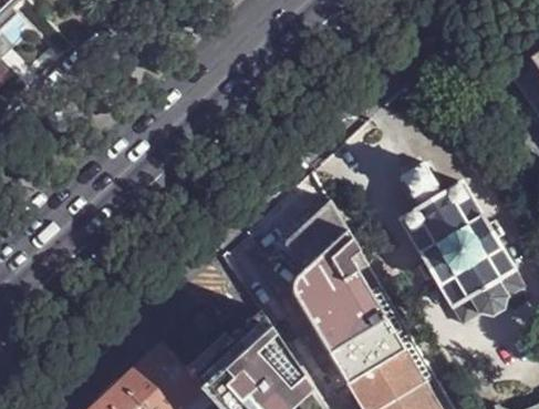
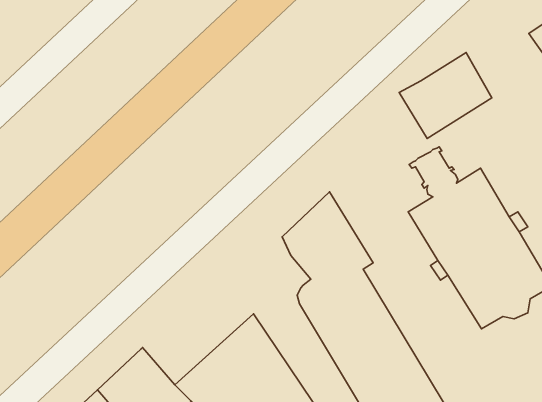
building: none -> [399,52,492,138]

